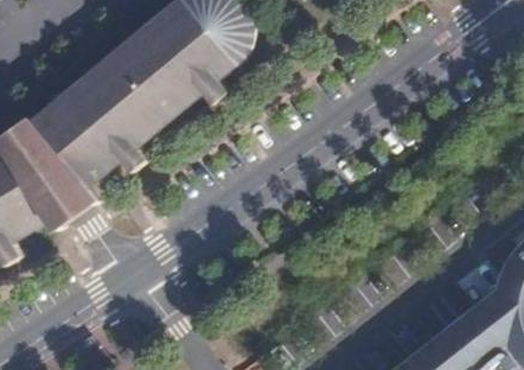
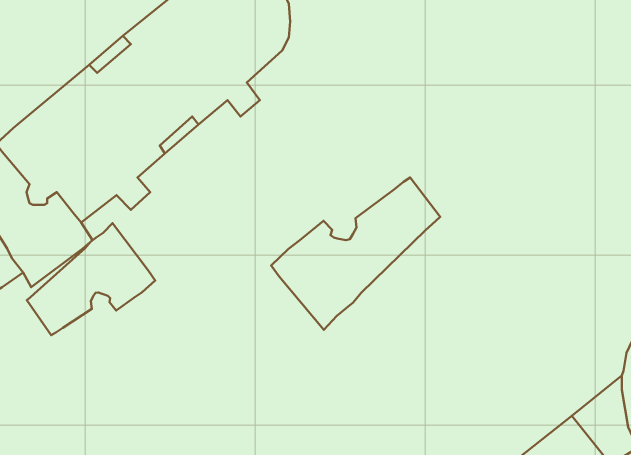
building: none -> [271,178,440,330]
building: none -> [27,223,155,335]

